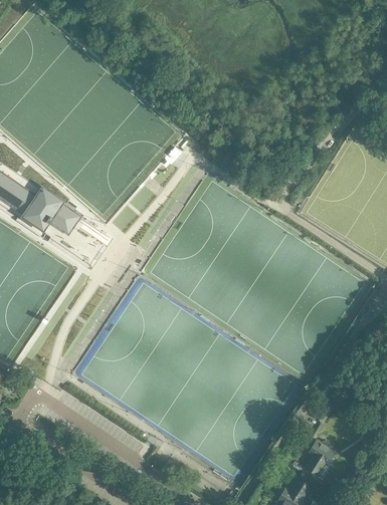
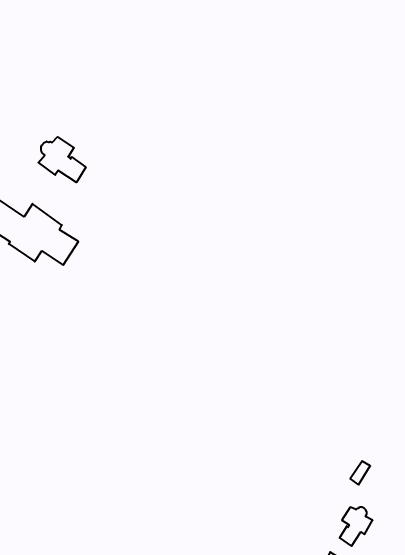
building: none -> [38,137,86,182]

